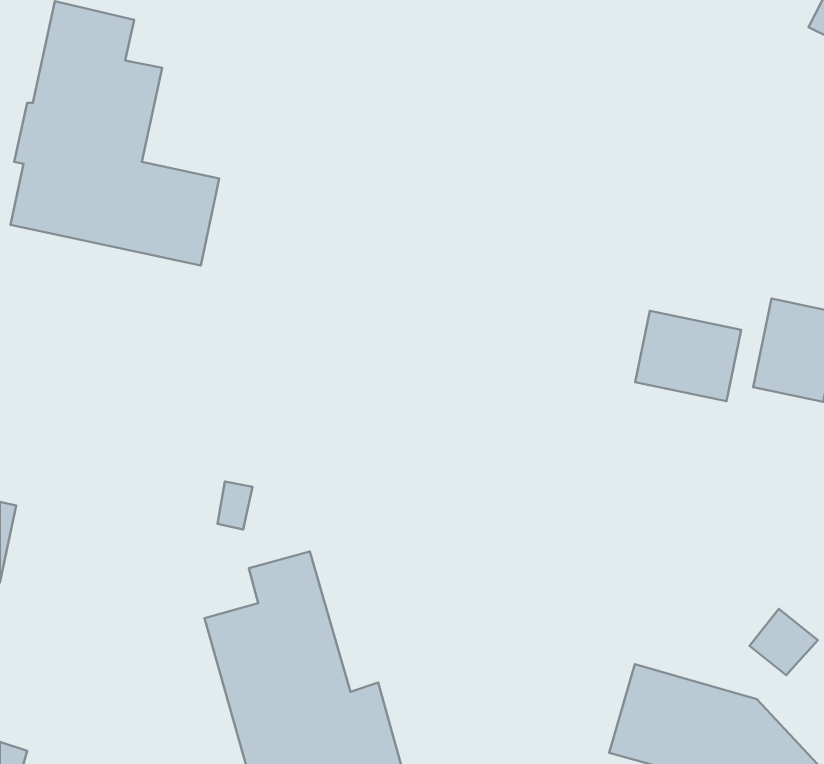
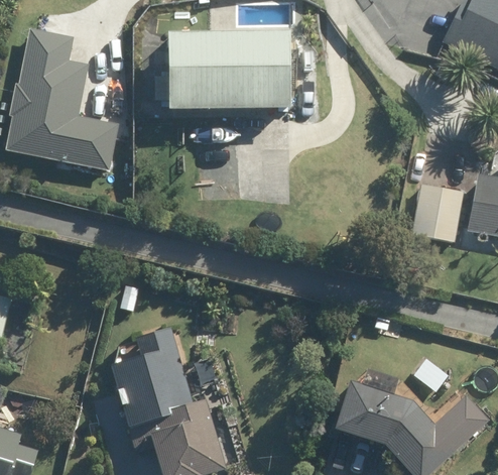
building: none -> [167,34,289,112]
building: [635,311,741,401] -> none

